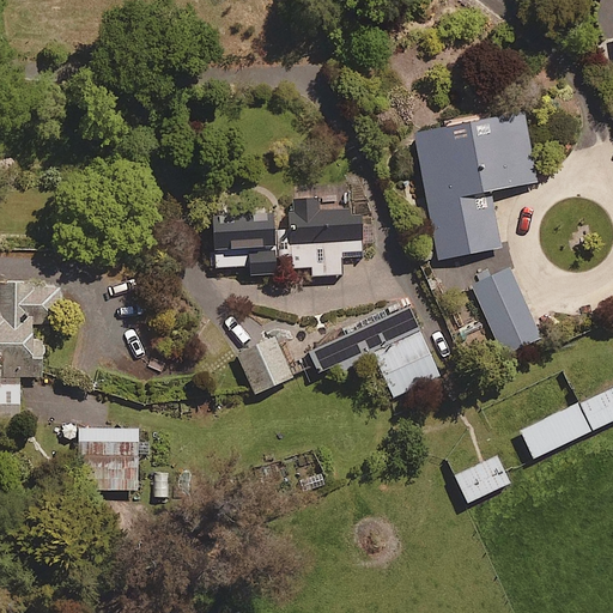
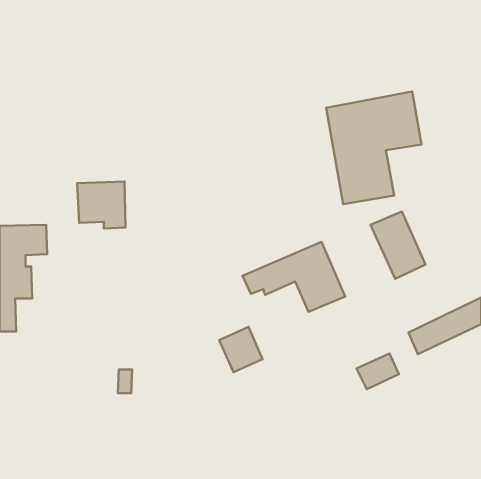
building: [290,198,360,273] -> none
building: [210,214,271,274] -> [77,181,125,229]
building: [237,336,292,394] -> [219,327,263,372]
building: [80,425,148,490] -> none

